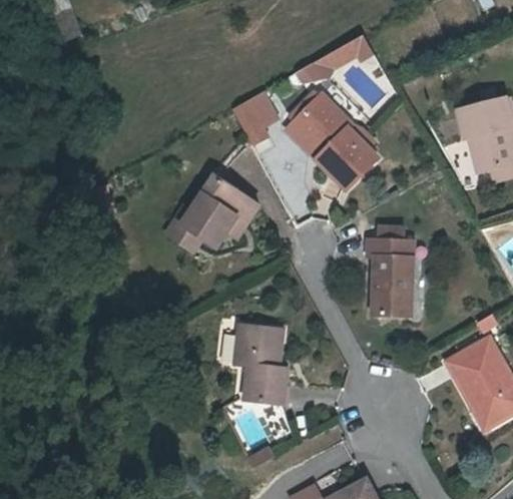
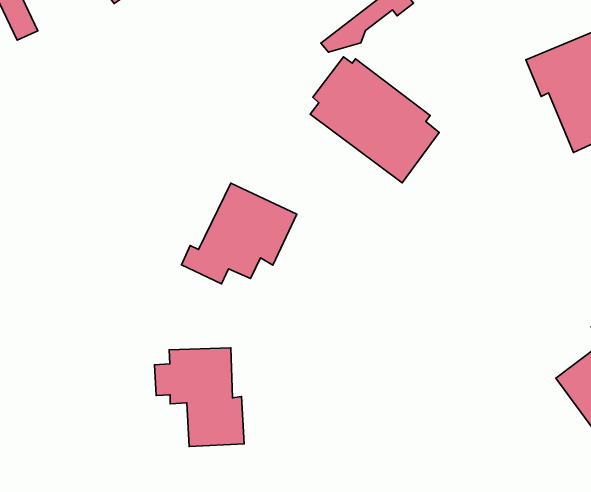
building: [234,93,280,144] -> none
building: [364,225,416,318] -> none
building: [222,323,289,404] -> [154,348,244,446]

